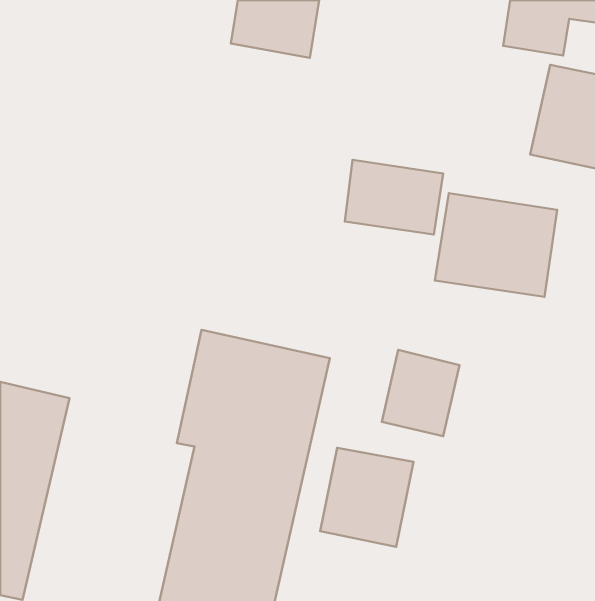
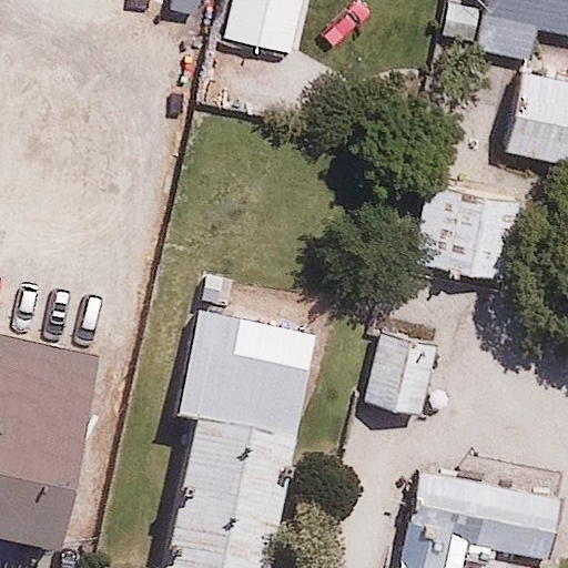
building: [345,160,443,235] -> none
building: [320,448,414,547] -> none
building: none -> [408,471,562,559]

